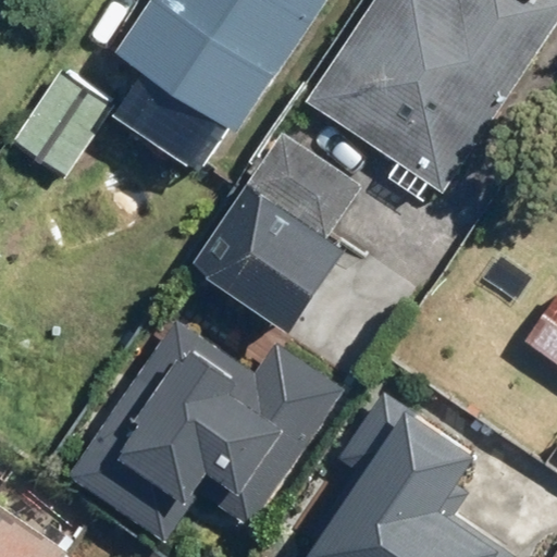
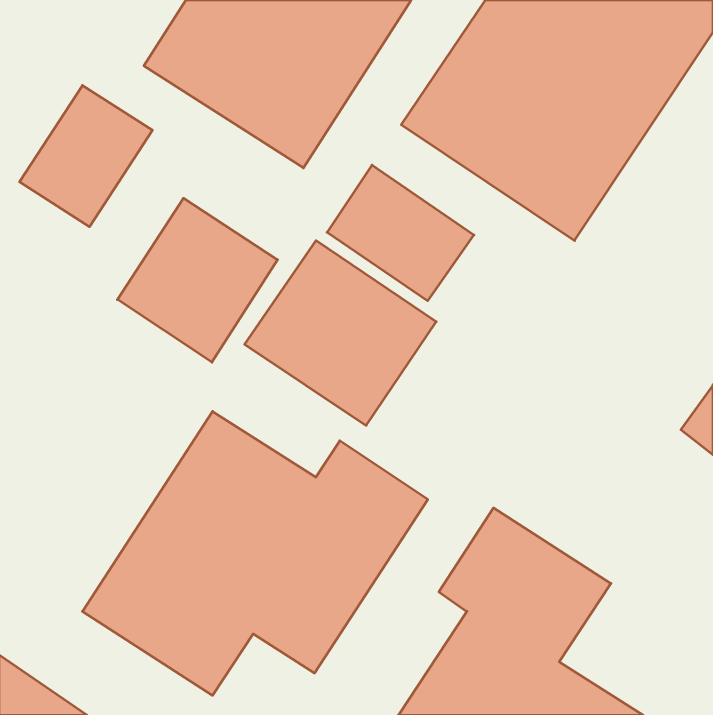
building: none -> [117,198,278,362]

